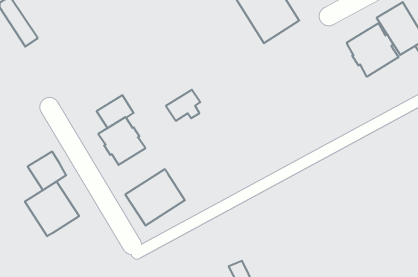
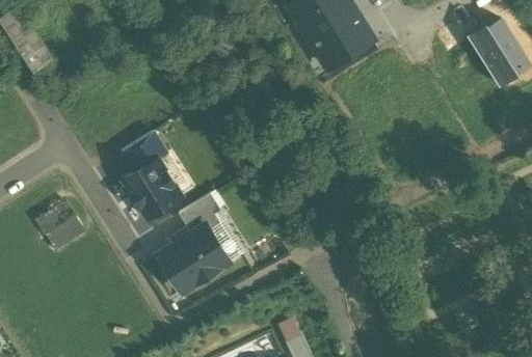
building: [347,23,399,77] -> none
building: [166,90,200,121] -> [179,193,221,231]
building: [25,181,79,236] -> none

